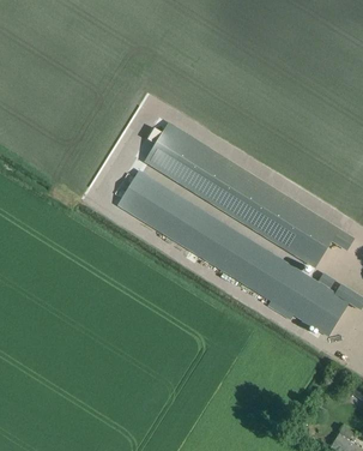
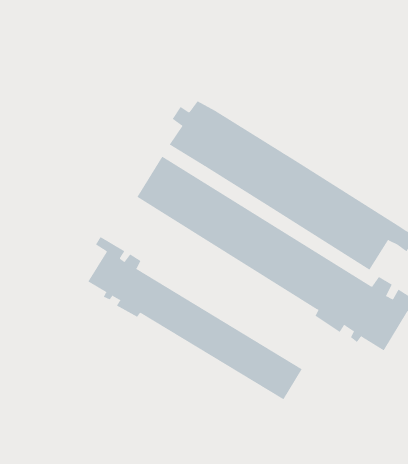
building: none -> [88,236,303,400]

